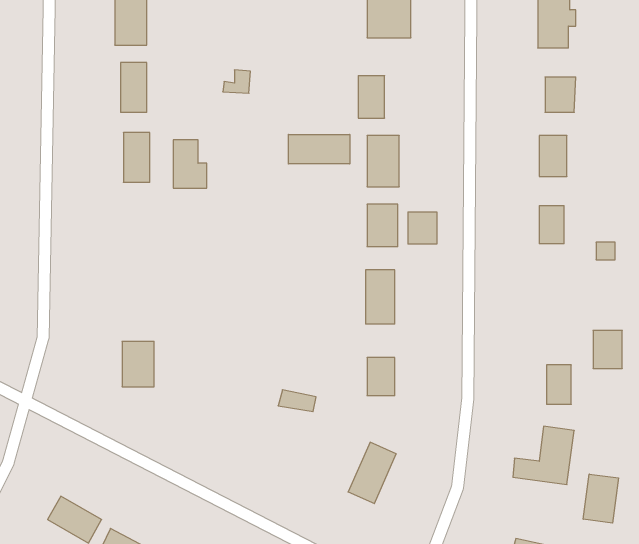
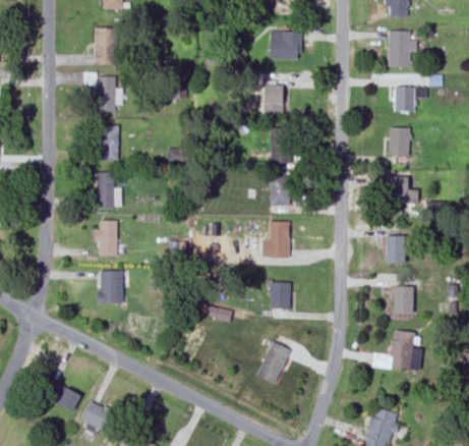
building: [288,134,350,164] -> none
building: [173,140,207,188] -> [96,172,119,206]
building: [408,212,437,244] -> none
building: none -> [97,220,116,255]
building: [593,330,622,368] -> [385,236,405,263]
building: [583,474,618,523] -> none

